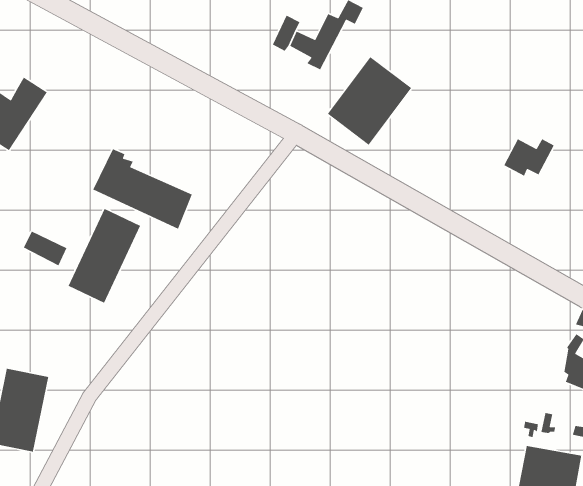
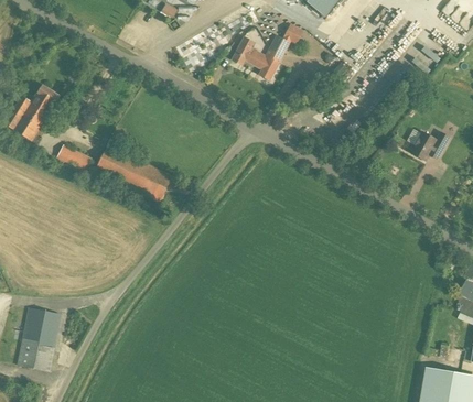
building: [327,56,412,146] -> none
building: [68,208,141,304] -> none
building: [23,230,67,266] -> [57,145,92,173]

